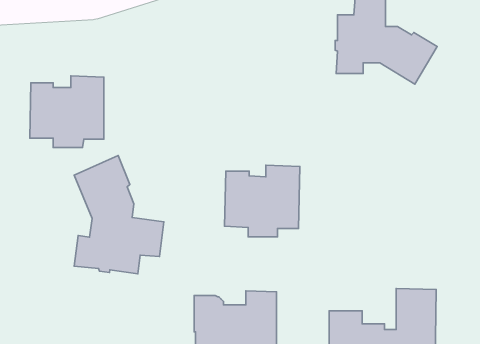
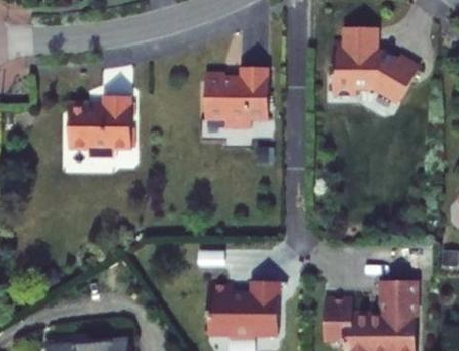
building: [74,155,164,274] -> none
building: [225,165,300,237] -> [204,67,269,128]

